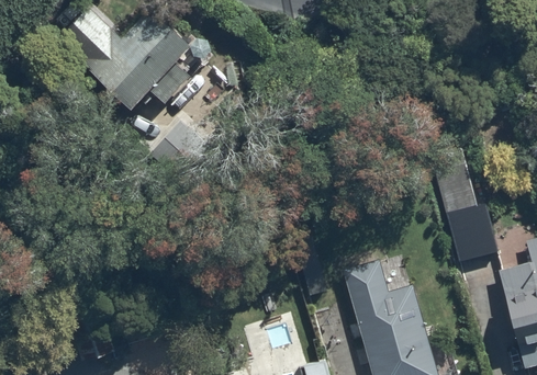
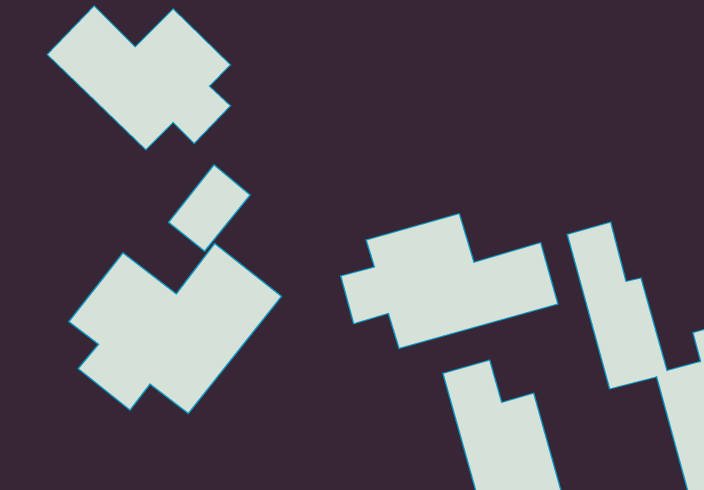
building: none -> [341,214,558,349]
building: none -> [69,243,281,414]

